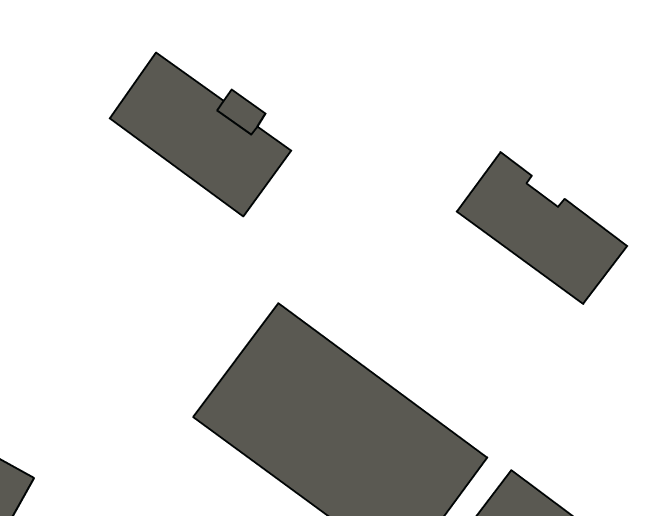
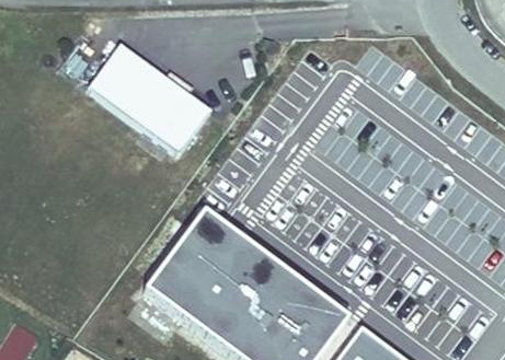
building: [457,152,627,304] -> none

